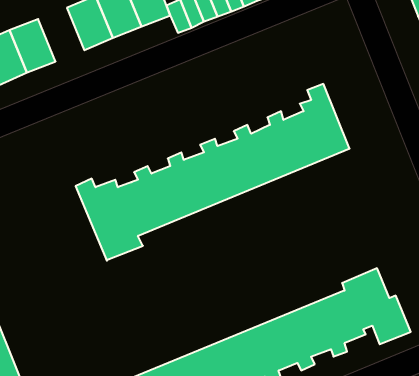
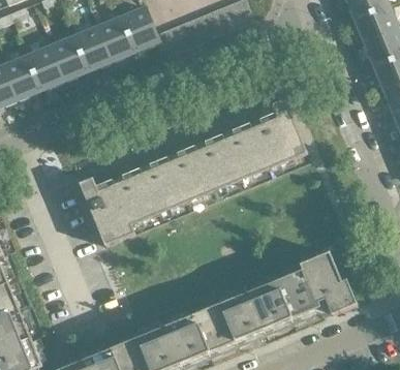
building: none -> [49,36,87,81]

